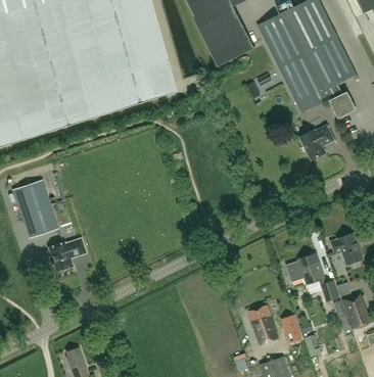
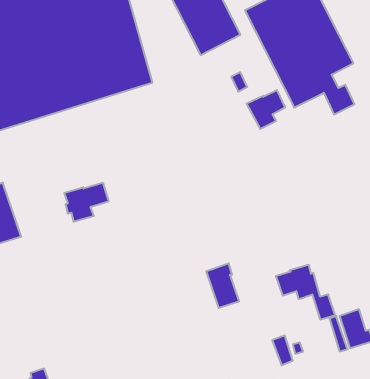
building: [299,125,334,159] -> [246,90,285,129]
building: [332,233,363,265] -> none
building: [47,237,87,272] -> [64,183,109,222]
building: [248,304,278,344] -> [206,263,239,308]

